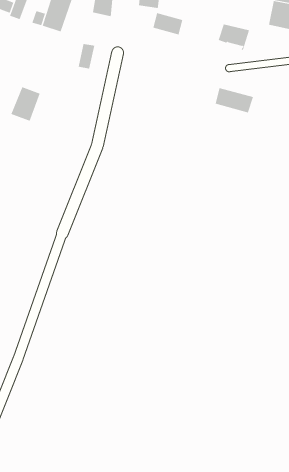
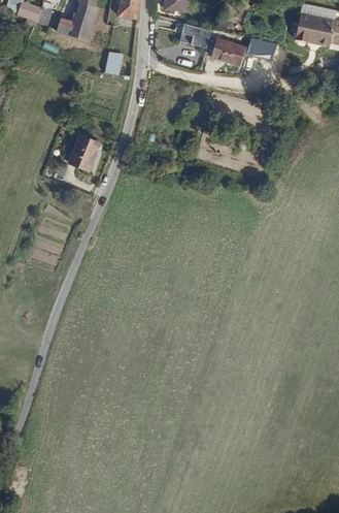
building: [11,86,40,121] -> [72,137,102,172]
building: [215,87,254,113] -> [205,37,244,63]

